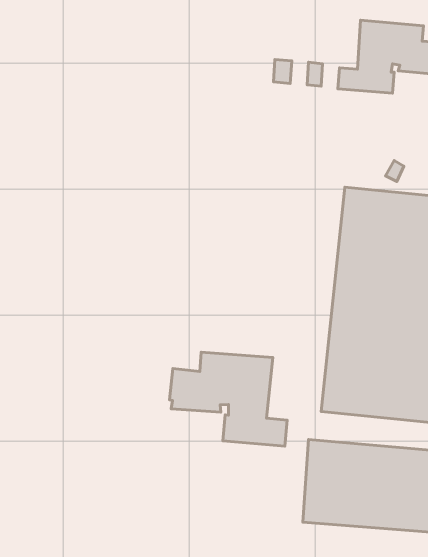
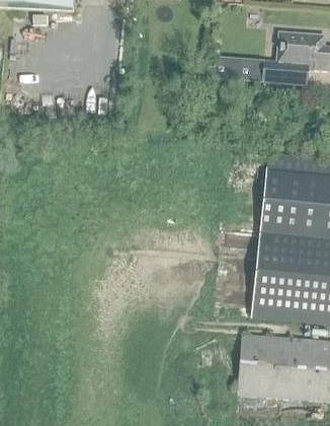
building: [169,352,287,446] -> none

